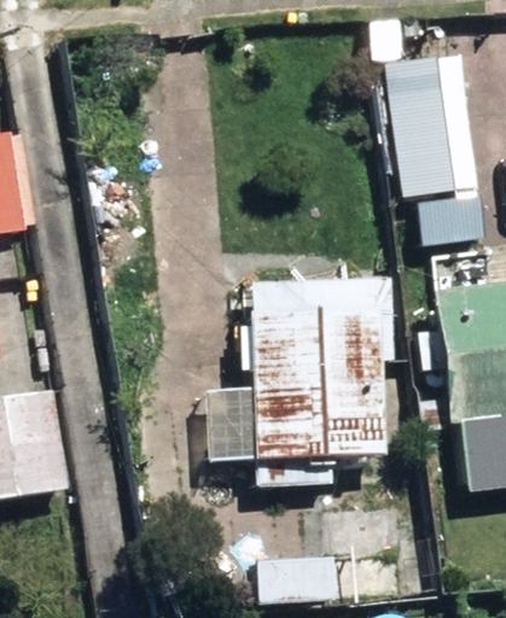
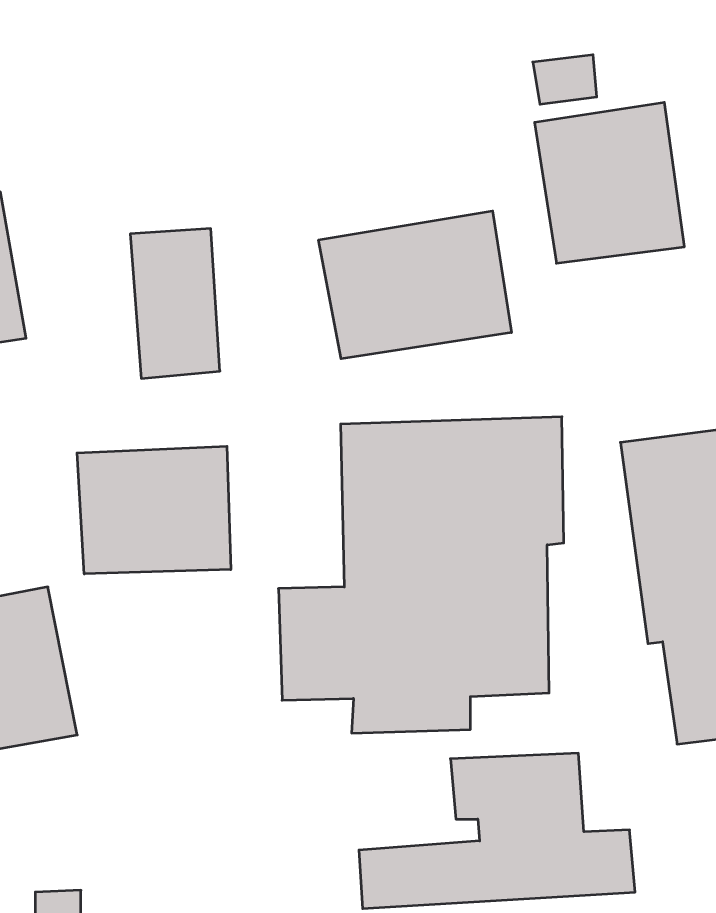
building: none -> [319,211,511,359]
building: none -> [77,446,231,574]

